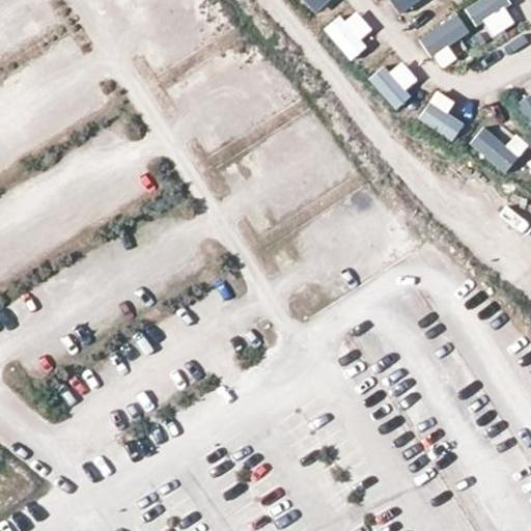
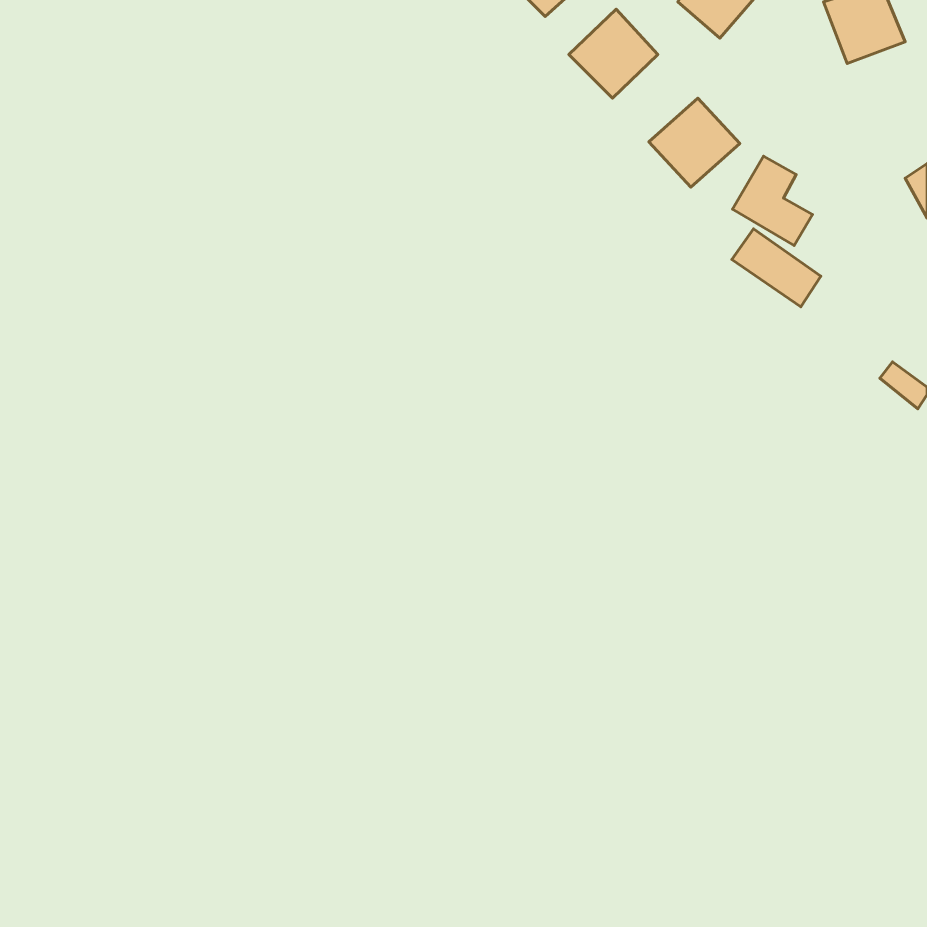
building: [422,17,468,67] -> none
building: [468,128,519,172] -> [732,229,821,307]

